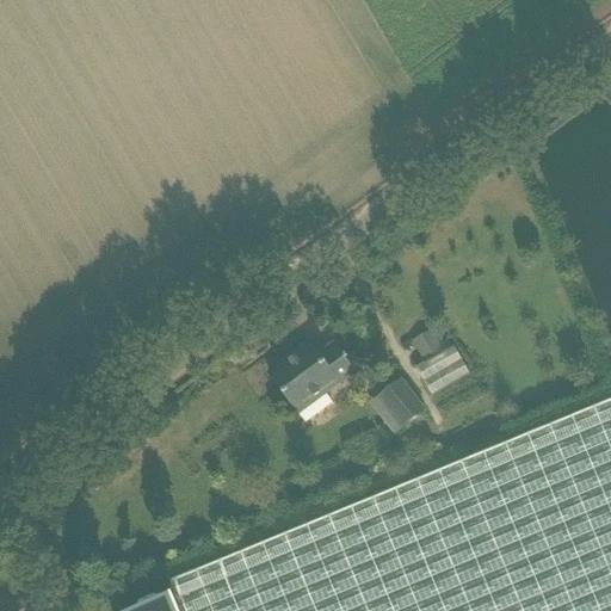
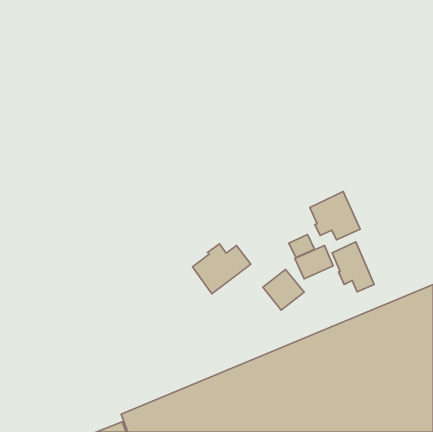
building: none -> [310,192,360,240]
building: none -> [332,242,374,292]

